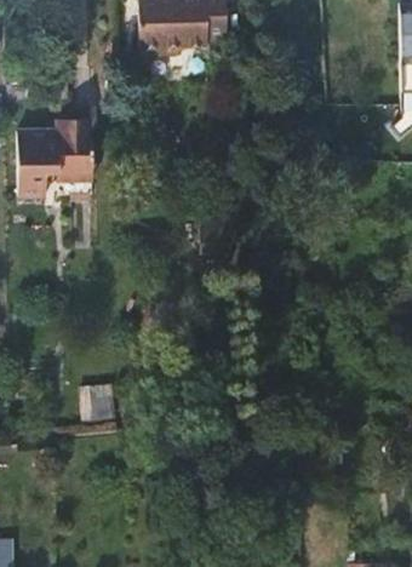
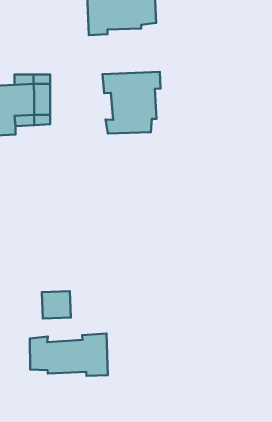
building: none -> [102,72,160,134]
building: none -> [30,334,108,376]

